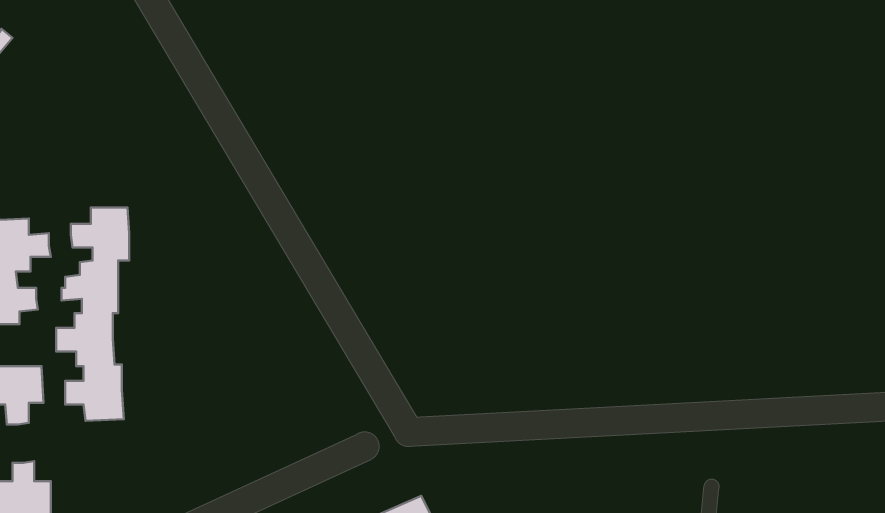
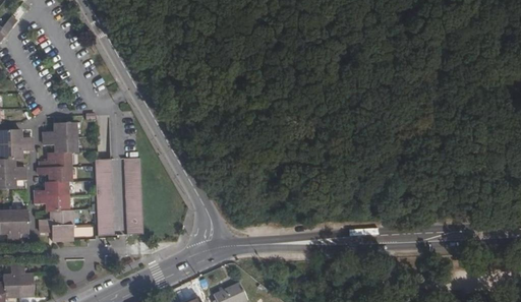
building: none -> [125,158,142,234]
building: none -> [96,159,113,235]

